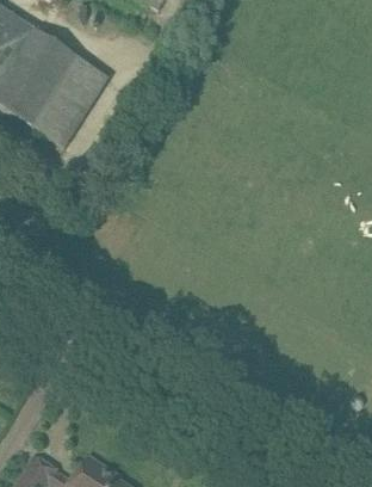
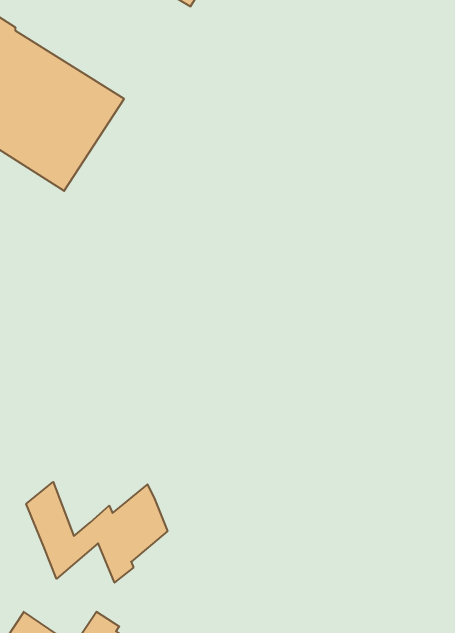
building: none -> [26,482,167,583]

